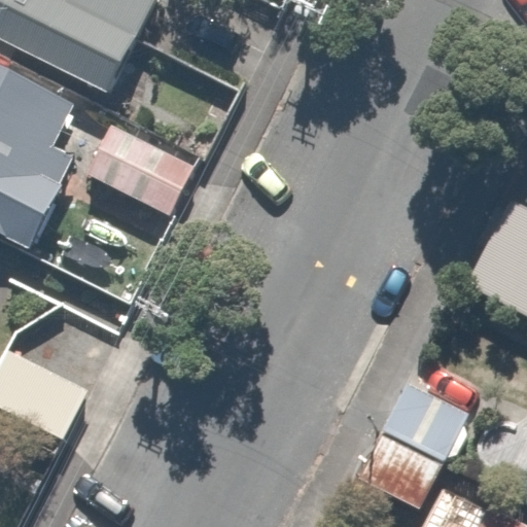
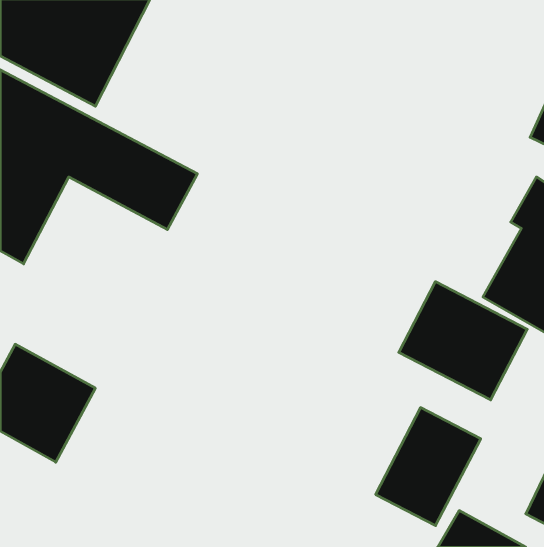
building: none -> [399,282,527,400]

